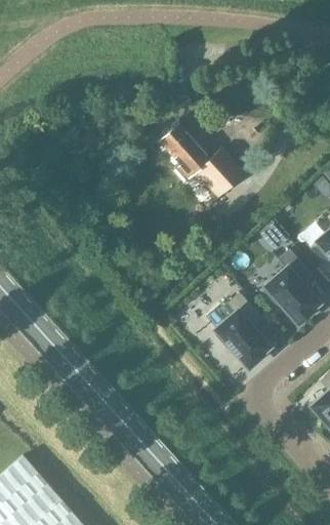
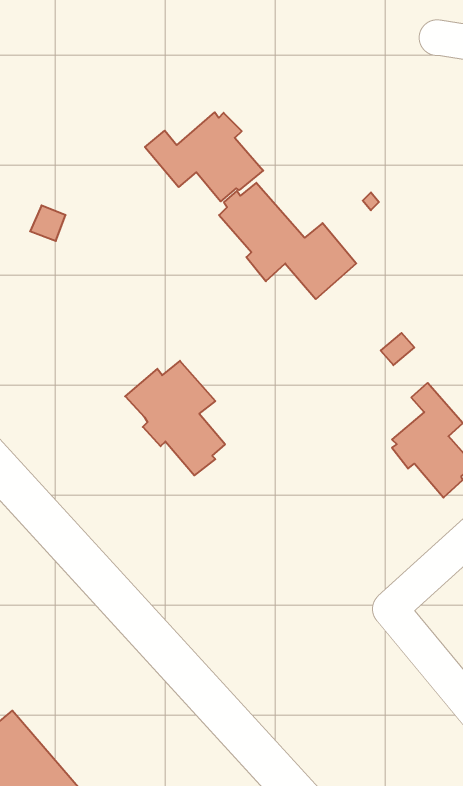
building: none -> [145,112,263,201]
building: [204,293,267,366] -> [125,361,225,475]

